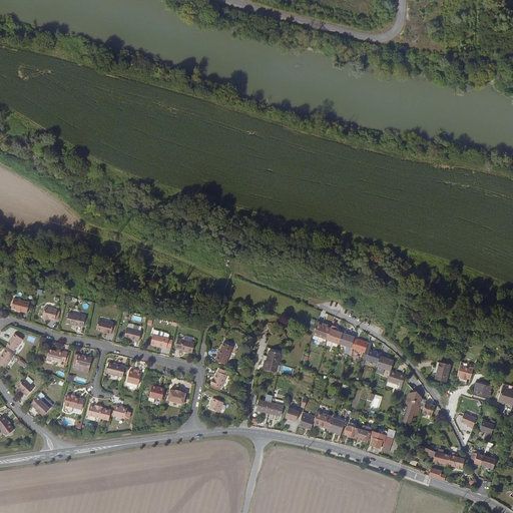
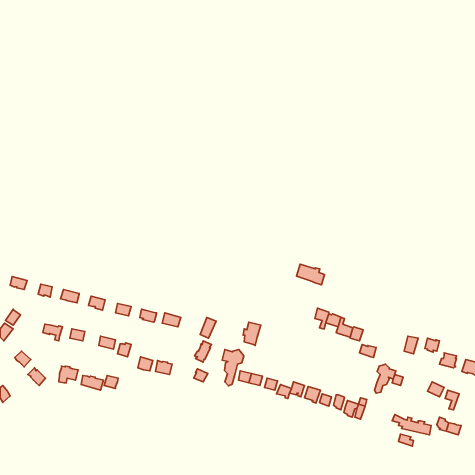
building: [313,321,343,343] -> [296,264,324,285]
building: none -> [222,350,244,386]

